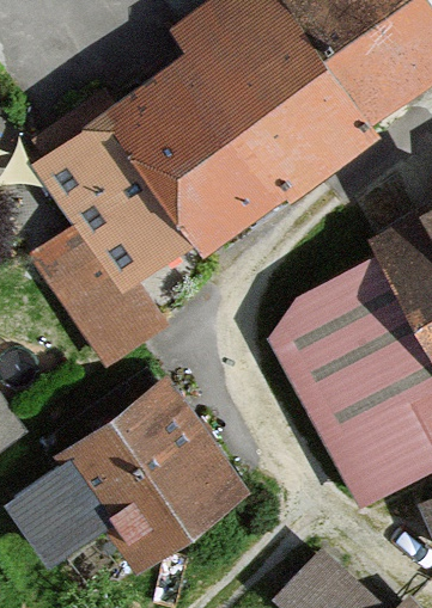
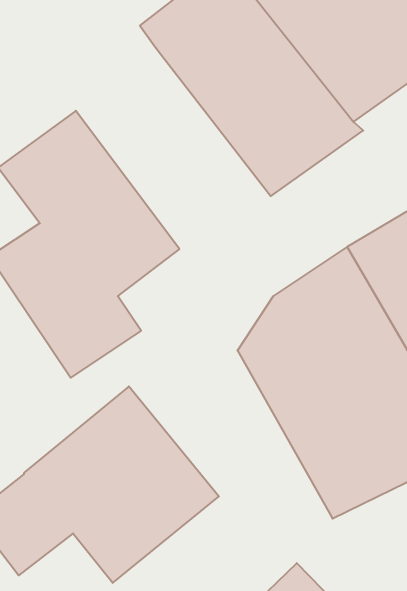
building: [109,53,298,247] -> none

